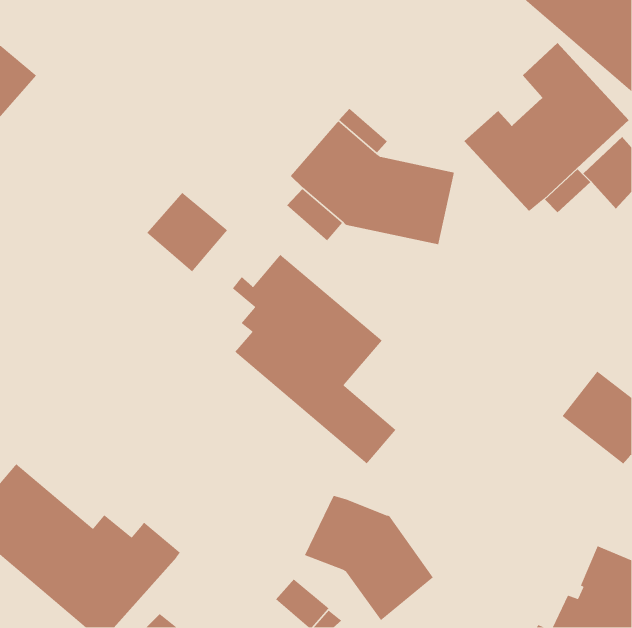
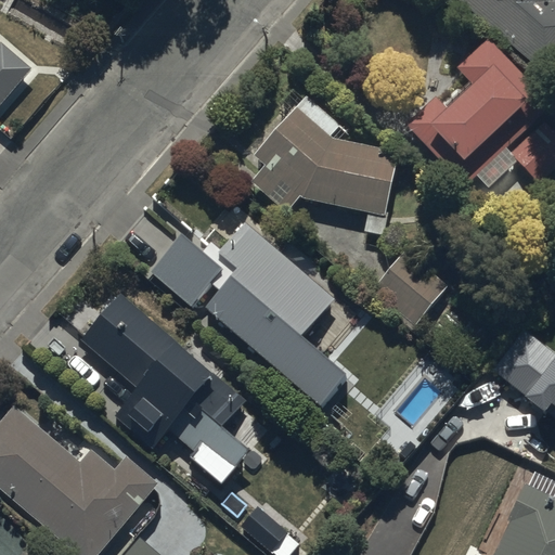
building: [146,192,228,272] -> [151,235,222,306]
building: none -> [373,250,447,323]
building: none -> [80,293,249,483]
building: [304,495,434,621] -> none

